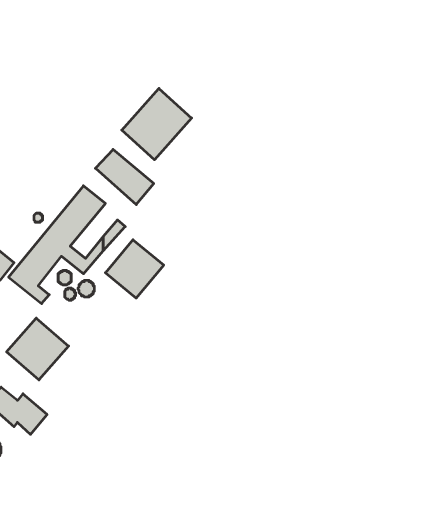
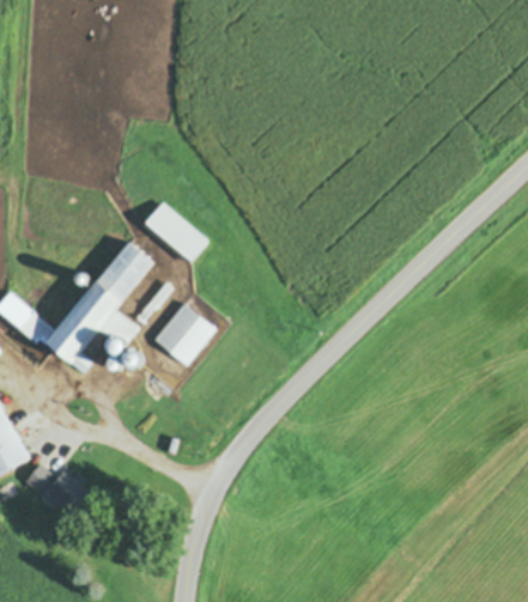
building: [122,88,192,160] -> none
building: [7,318,69,380] -> none

